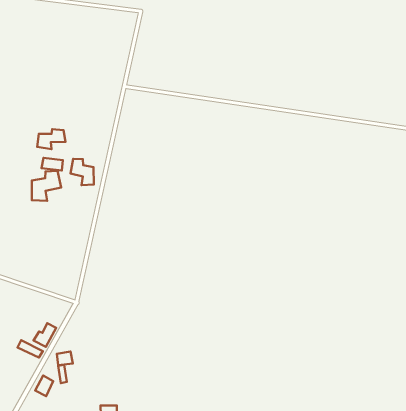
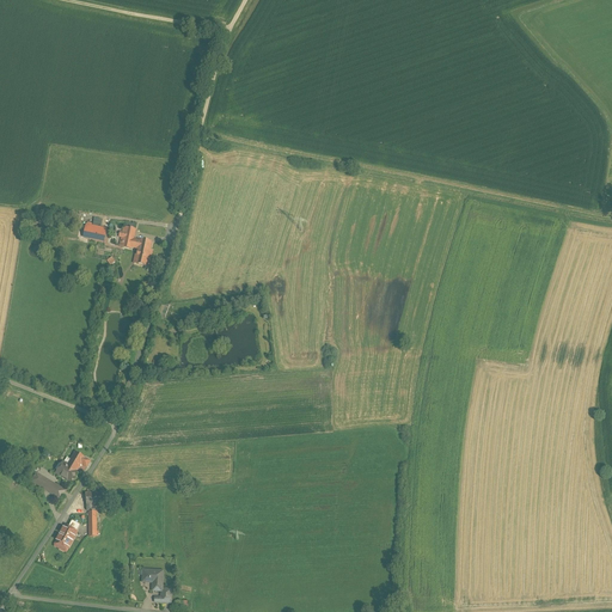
building: [37,129,65,149] -> none
building: [32,171,61,201] -> none

